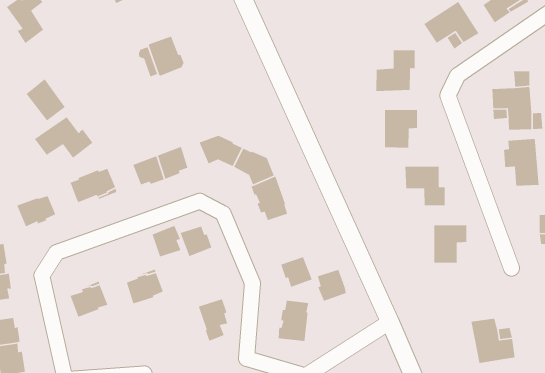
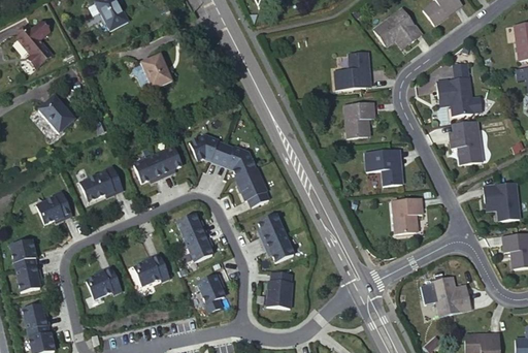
building: [34,116,94,159] -> none
building: [151,225,182,257] -> [187,232,213,261]
building: [317,269,347,302] -> [258,214,285,243]

